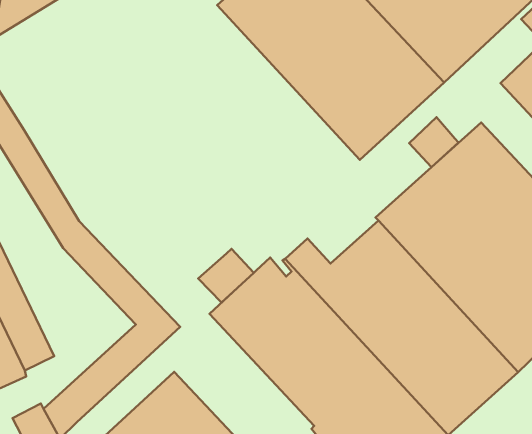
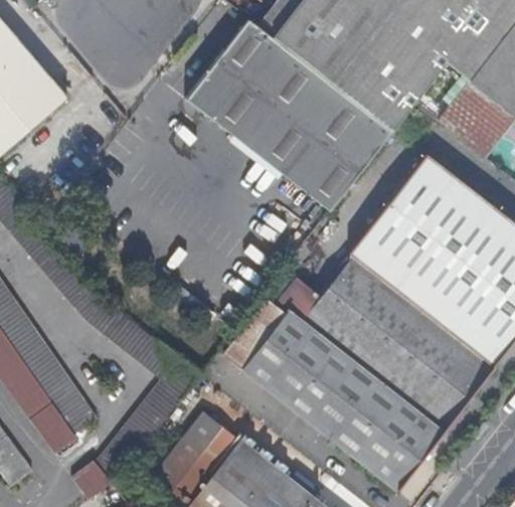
building: [409,117,458,167] -> none
building: [198,249,254,302] -> none

